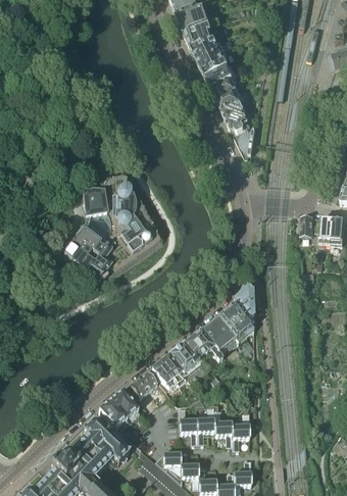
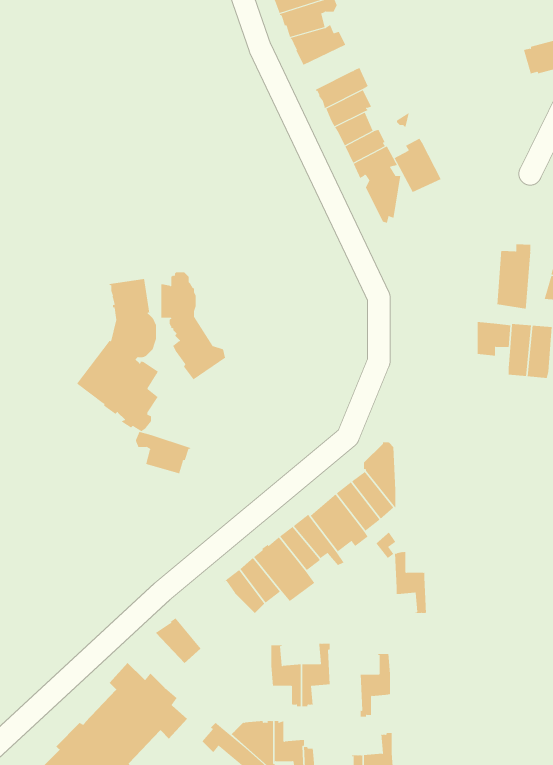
building: [197,50,229,77] -> none
building: none -> [394,138,442,193]
building: none -> [497,243,531,310]
building: none -> [135,431,191,474]
building: [128,369,156,397] -> none
building: [98,399,127,427] -> none
building: [212,408,232,445] -> [394,552,427,613]

